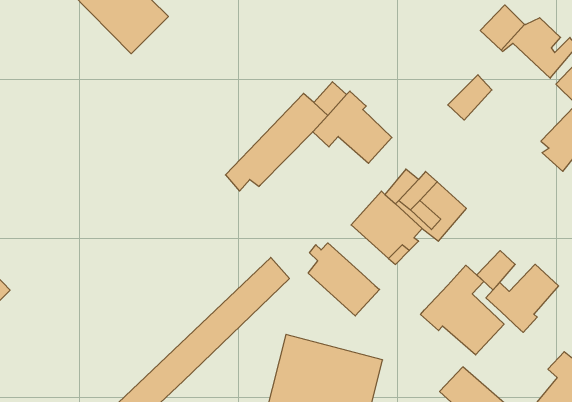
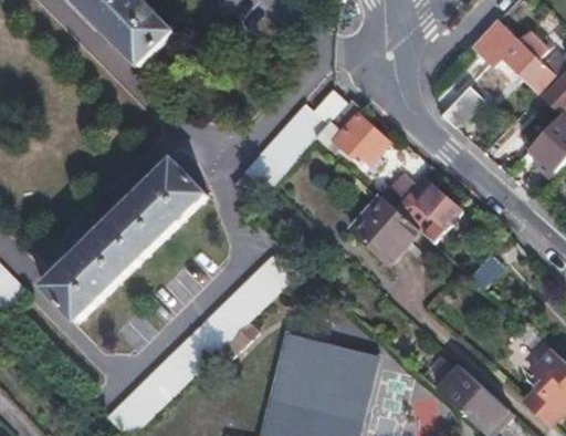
building: none -> [44,159,208,320]
building: [308,243,380,316] -> none
building: [486,264,559,332] -> none
building: [421,265,504,355] -> none

